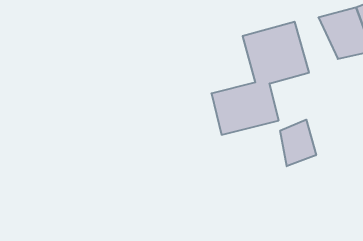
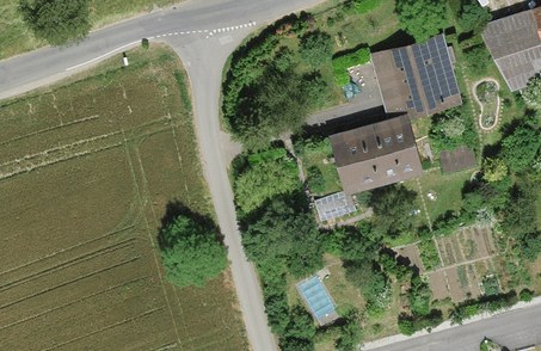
building: [280,120,316,166] -> none

